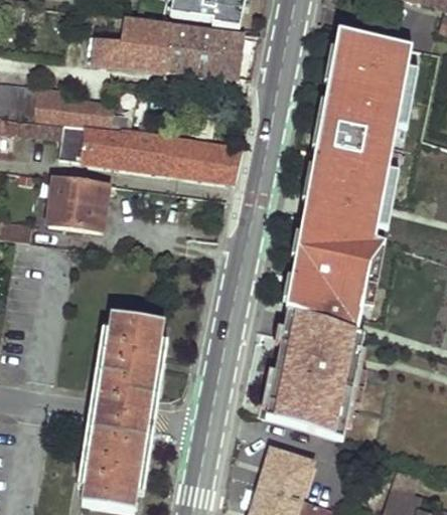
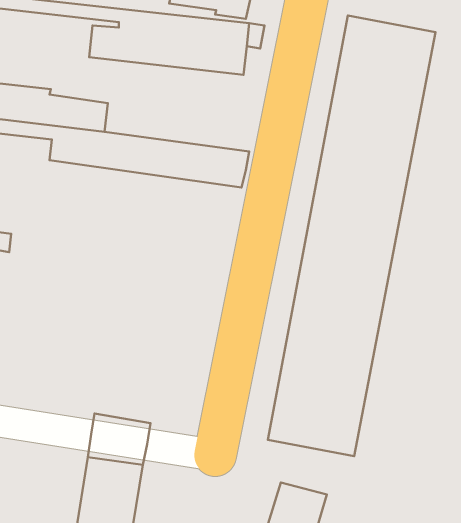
building: [47,178,106,231] -> none
building: [101,317,163,399] -> none

